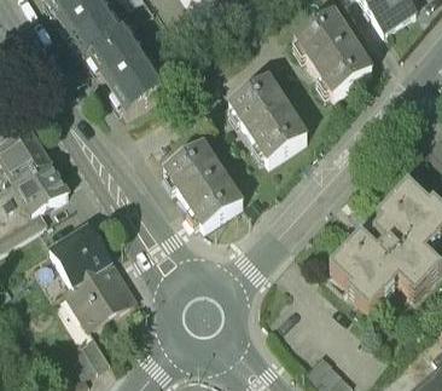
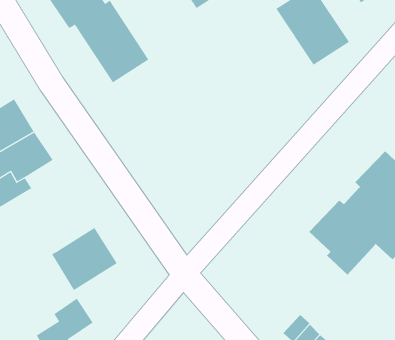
building: [231,77,307,161] -> none
building: [164,144,242,228] -> none
building: [50,225,110,286] -> none

